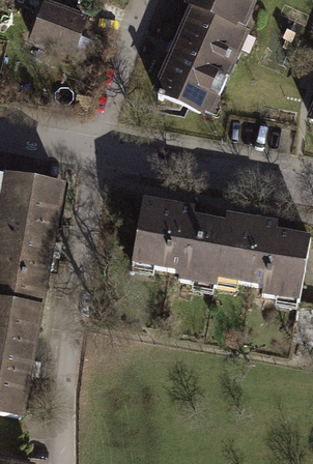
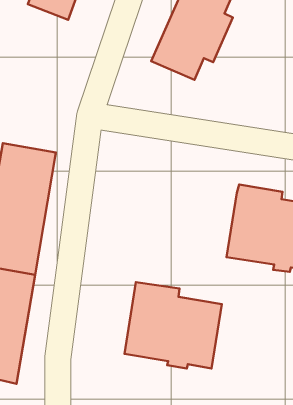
building: [144,199,241,285] -> [125,282,222,368]

